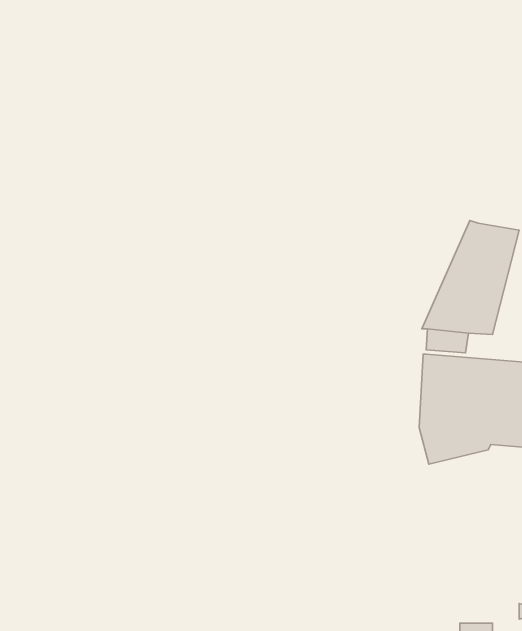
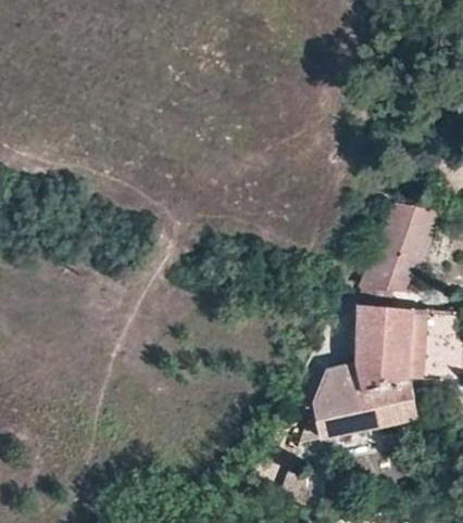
building: none -> [311,361,416,436]

